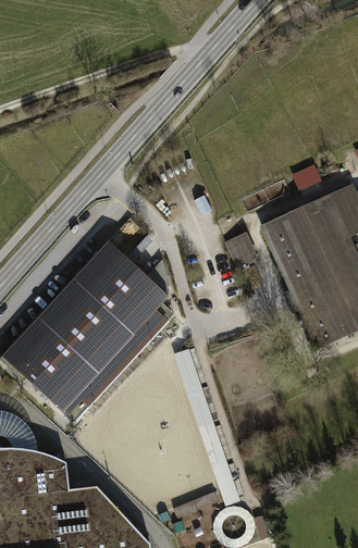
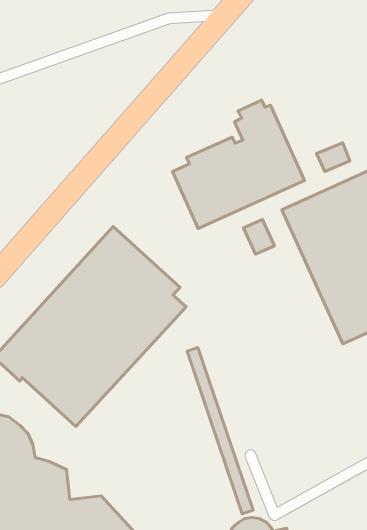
building: none -> [172,100,305,228]

